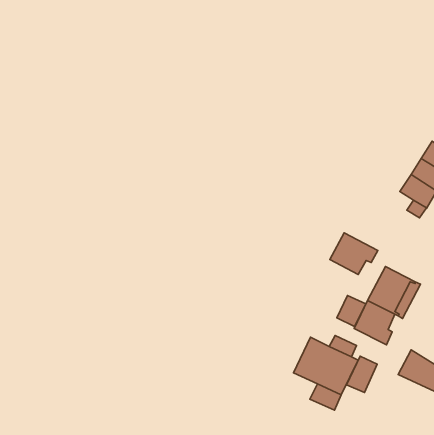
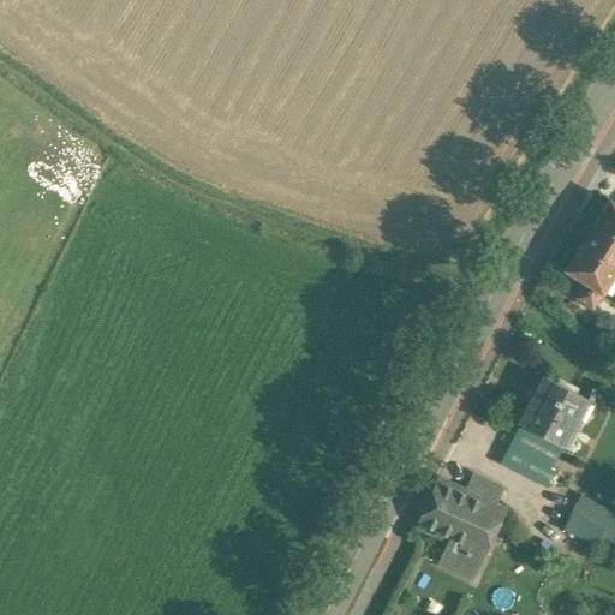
building: [330,233,378,275] -> none
building: [337,295,366,327] -> none
building: [346,356,377,392] -> none

